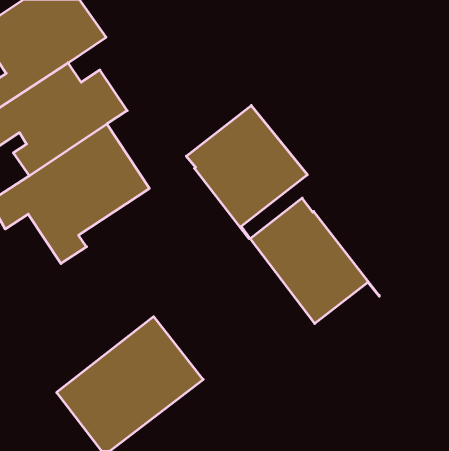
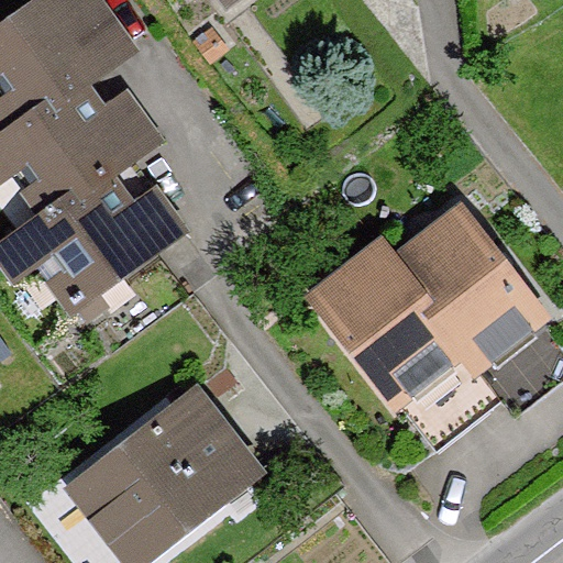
building: [186,105,307,239] -> none
building: none -> [390,212,538,367]

